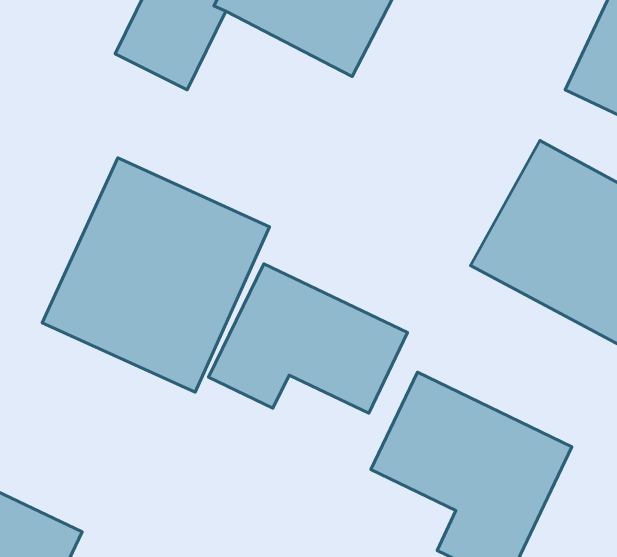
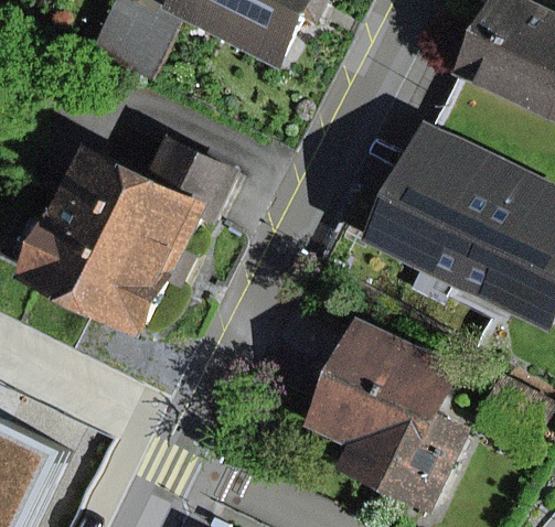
building: [209,264,408,413] -> none

